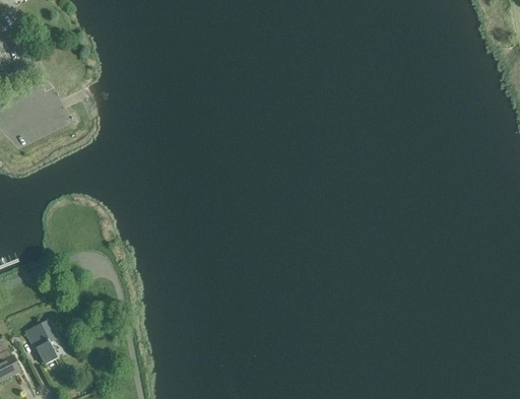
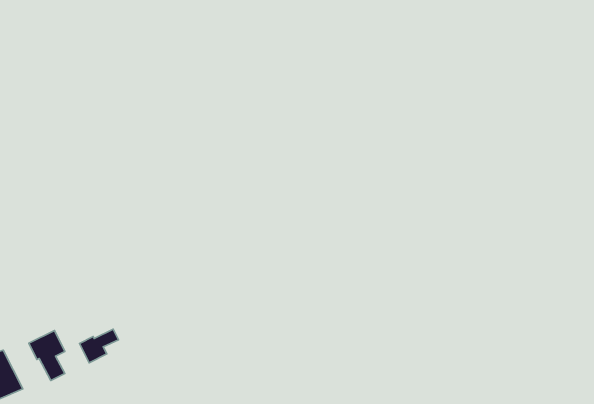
building: none -> [79,329,118,363]

